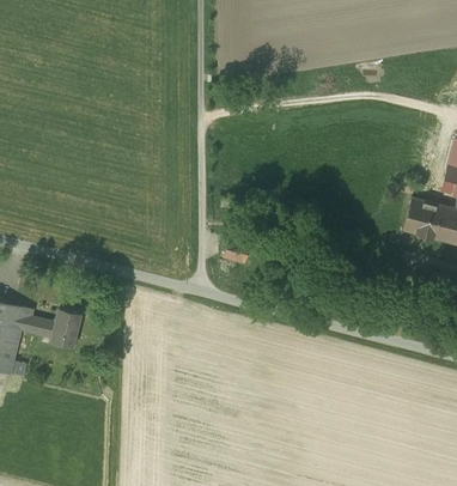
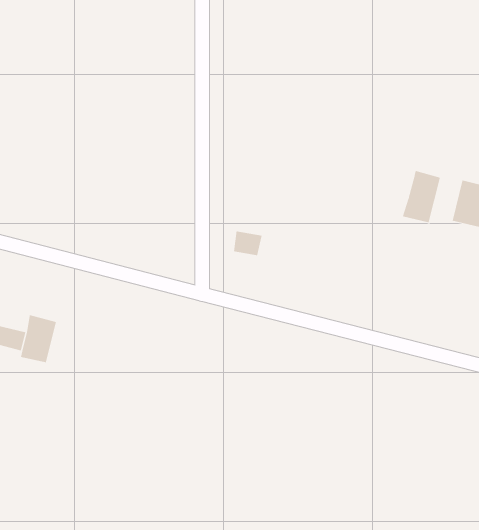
building: none -> [402,170,440,223]

